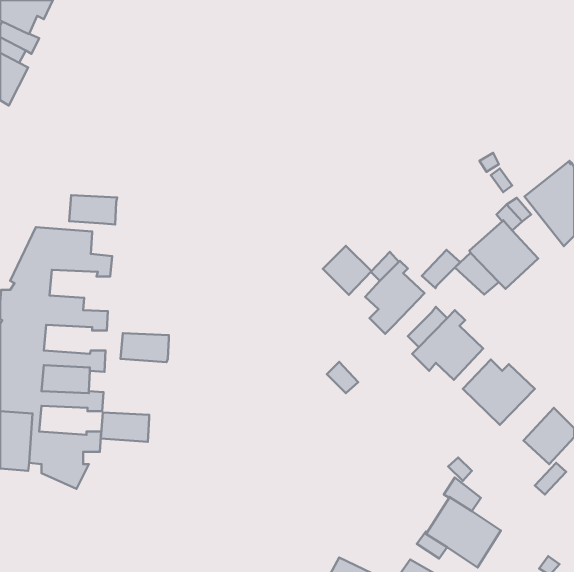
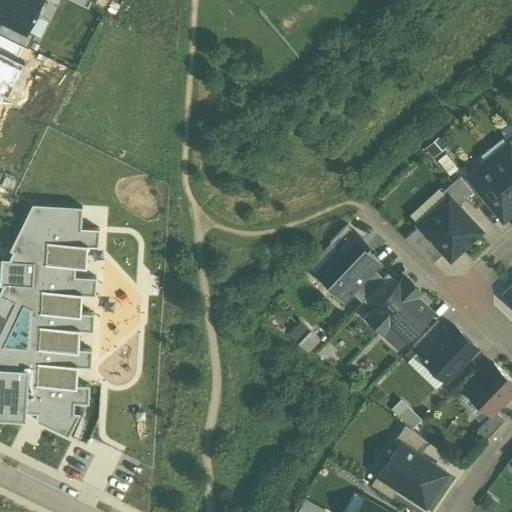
building: [69,195,117,224] -> [44,242,87,268]
building: [323,246,371,295] -> none
building: [422,250,460,288] -> [350,269,384,303]
building: [121,333,169,362] -> [39,291,82,317]
building: [101,413,149,442] -> [35,363,78,389]

